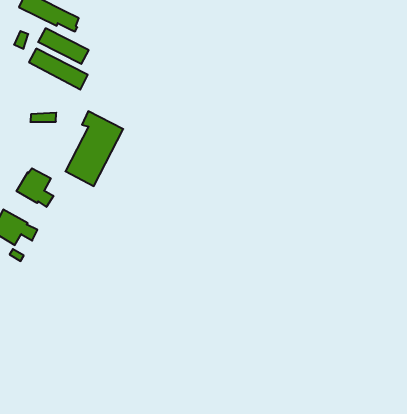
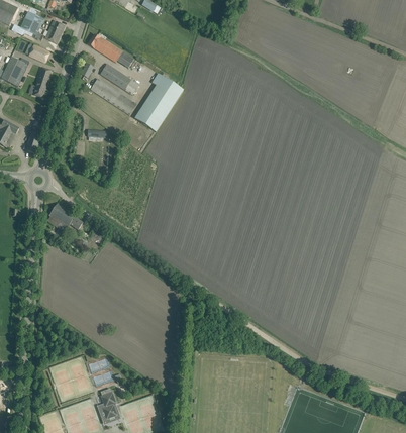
building: [65,111,123,186] -> [134,72,184,131]
building: [17,168,53,207] -> none

